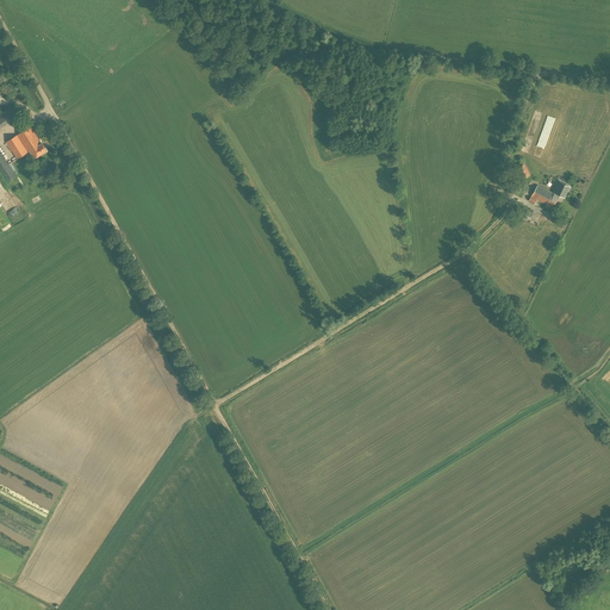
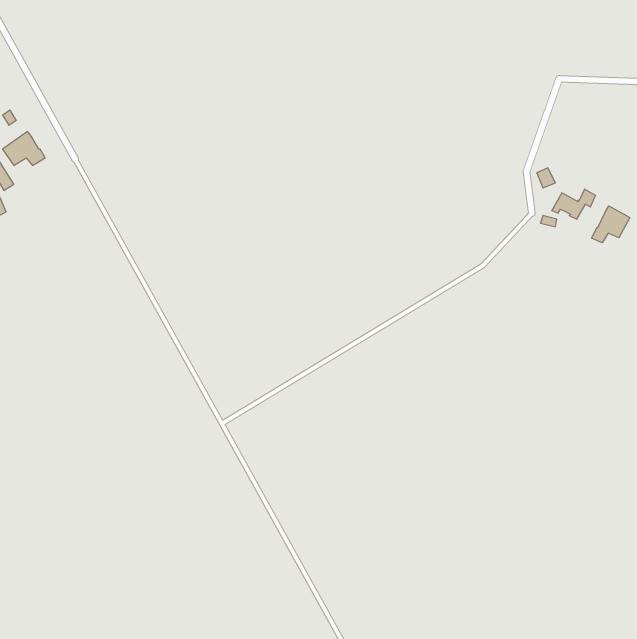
building: none -> [592,206,630,243]

